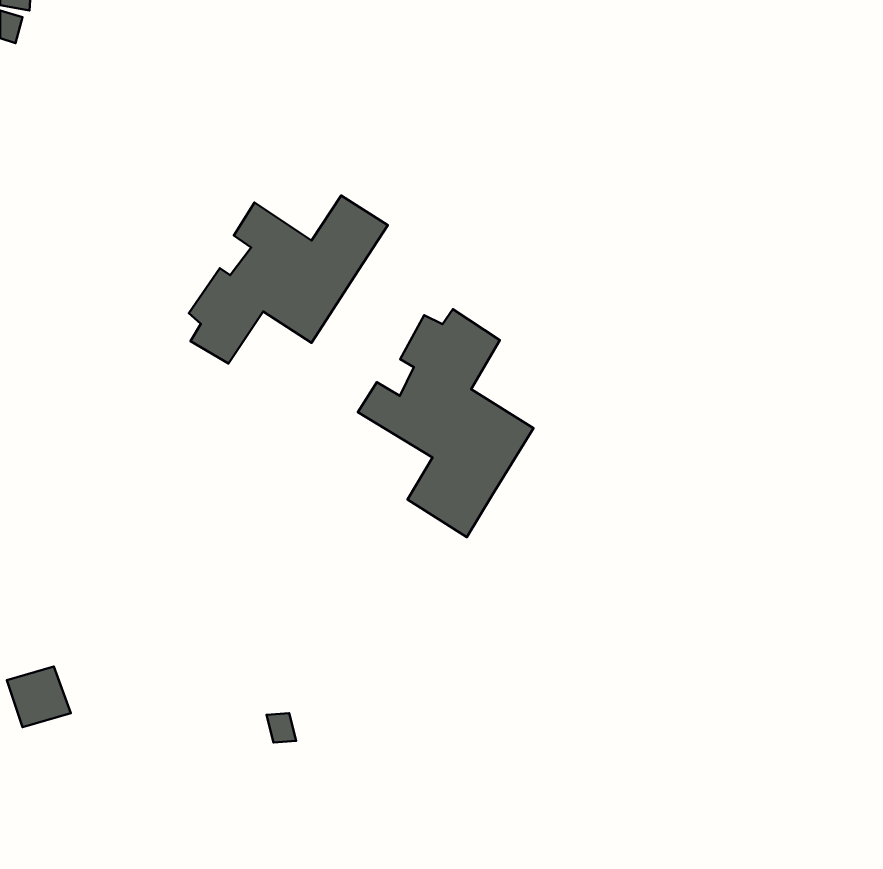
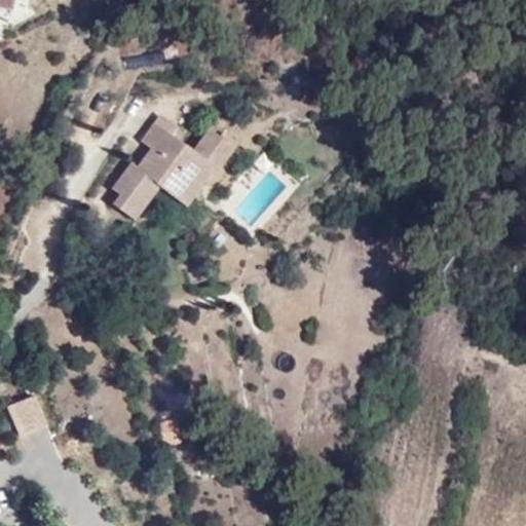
building: [358,309,533,537] -> none

